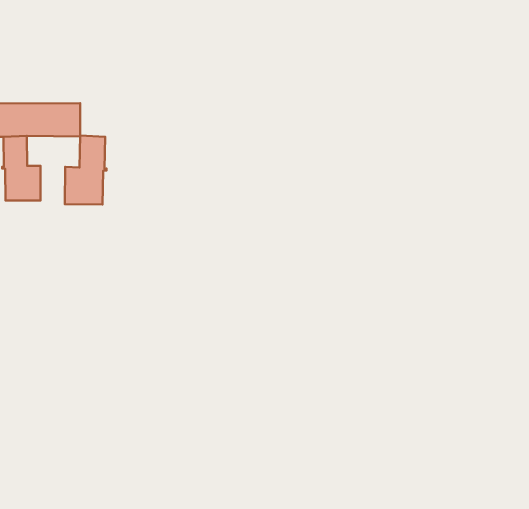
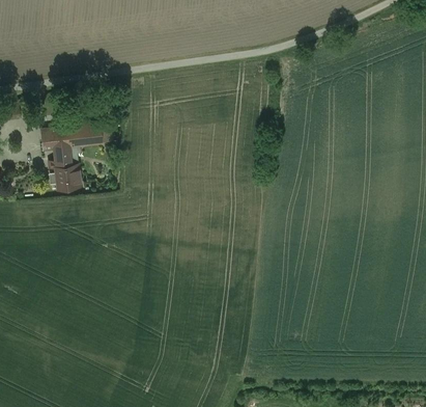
building: [65,135,107,204] -> none

